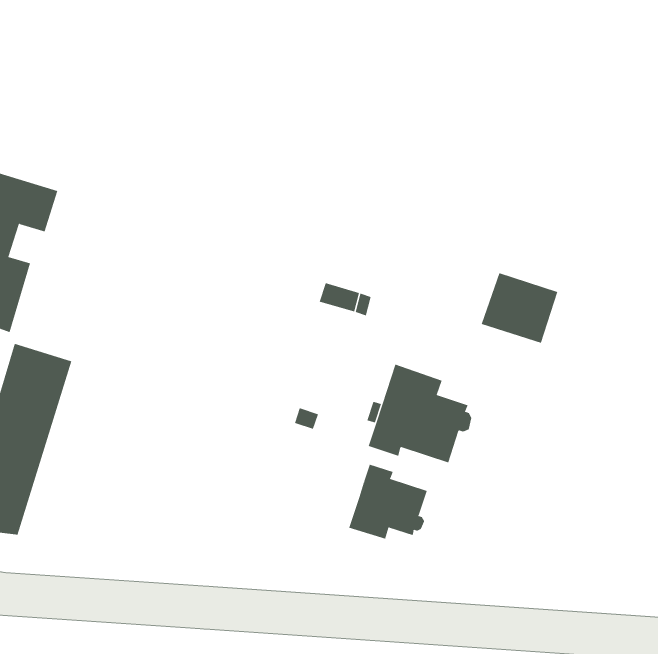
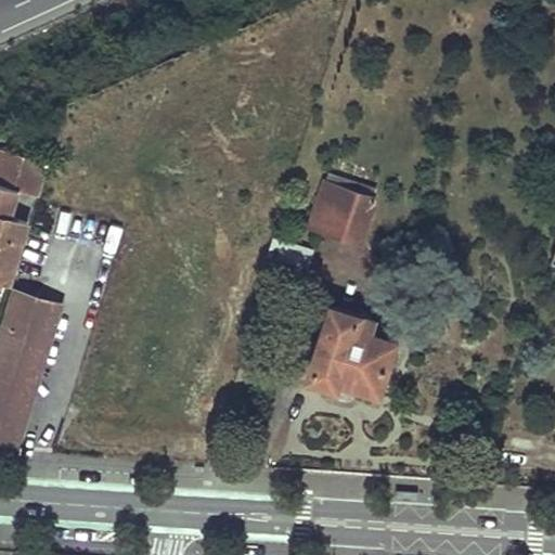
building: [481,273,558,344] -> [309,185,374,245]
building: [348,464,427,539] -> none

